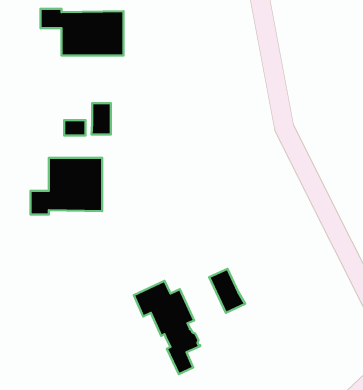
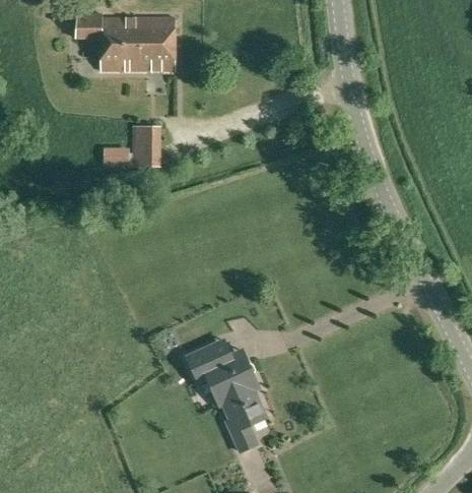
building: [31,158,102,214] -> none
building: [209,269,245,313] -> none

